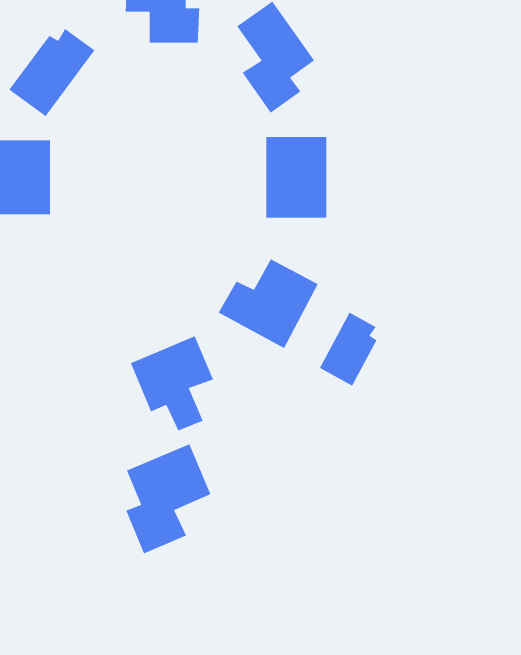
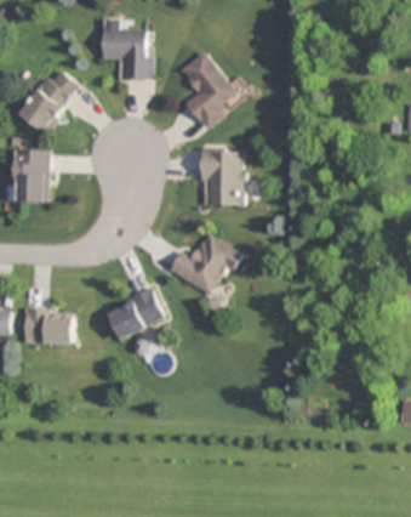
building: [319,312,377,387] -> none
building: none -> [23,308,73,342]
building: [125,443,212,554] -> none

